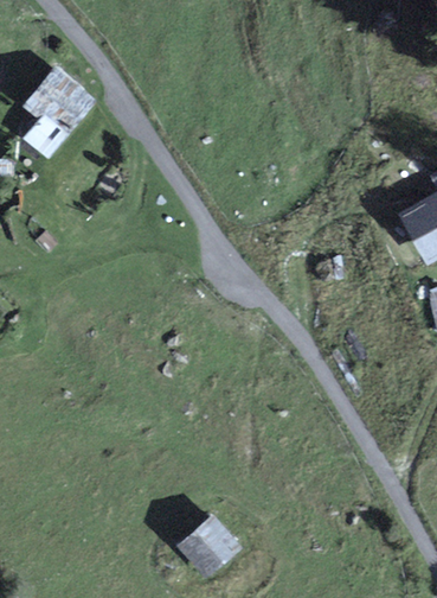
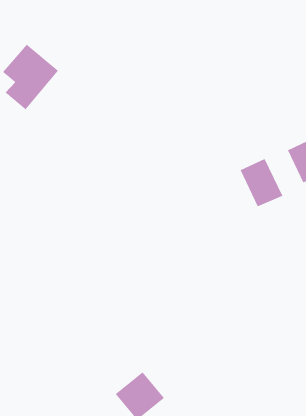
building: none -> [240,158,283,207]

